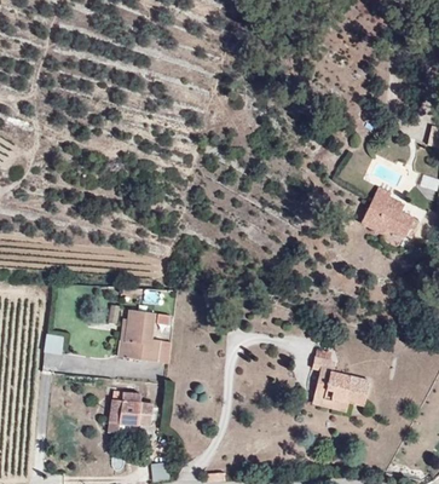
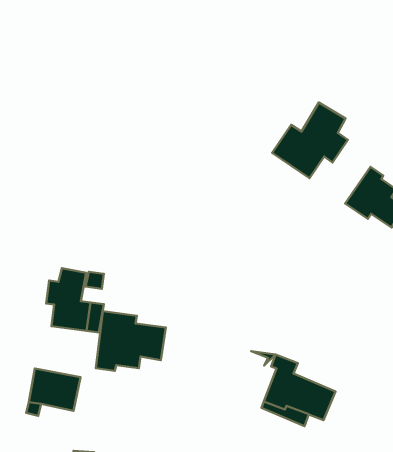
building: none -> [272,102,348,178]
building: none -> [96,311,166,371]

